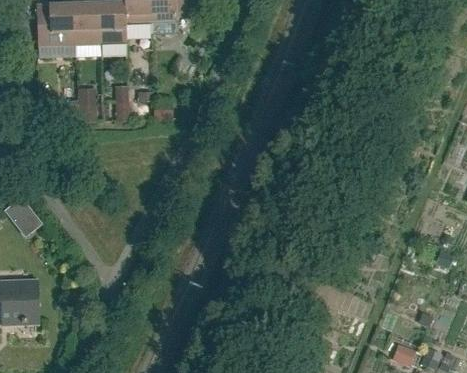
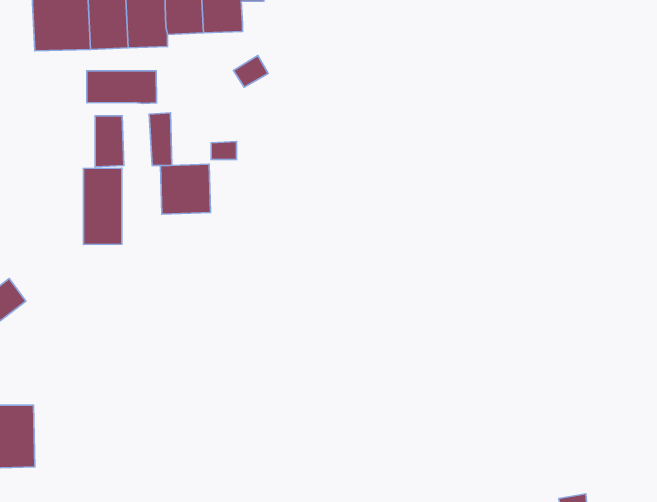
building: none -> [87,71,156,103]
building: none -> [160,164,211,214]
building: none -> [84,168,122,245]

